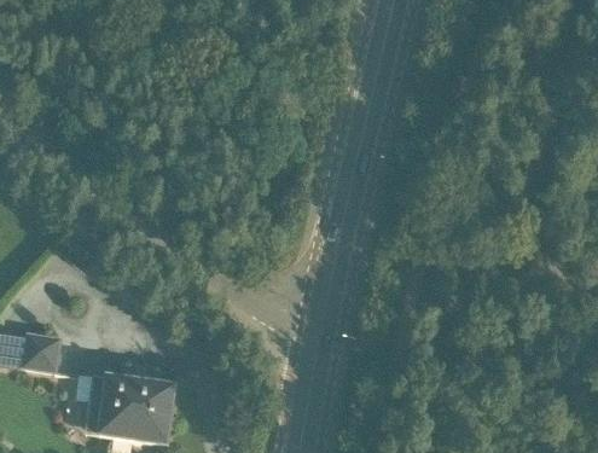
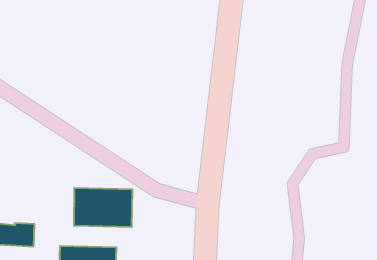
building: none -> [74,188,132,227]

